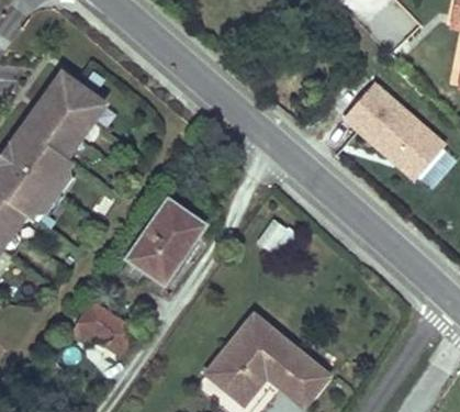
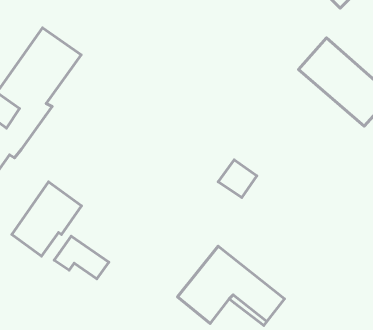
building: [127,198,204,280] -> [12,182,81,256]

